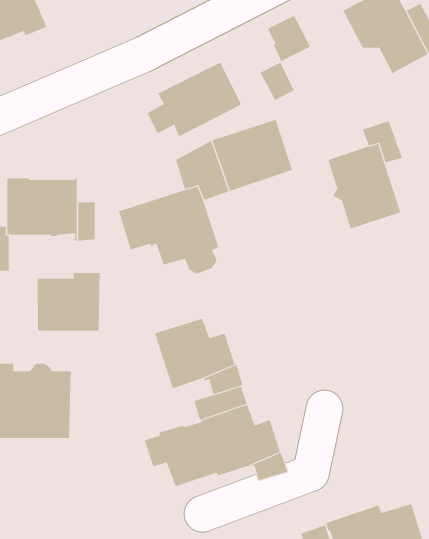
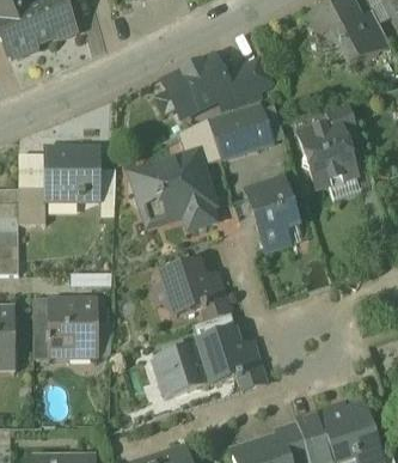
building: [267,15,311,62] -> [224,67,258,104]
building: none -> [245,178,298,251]
building: [37,272,100,331] -> none

